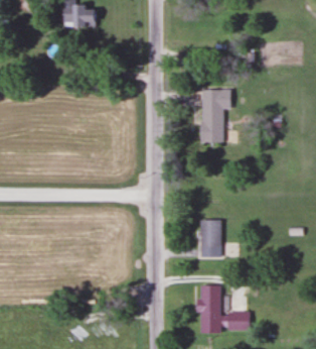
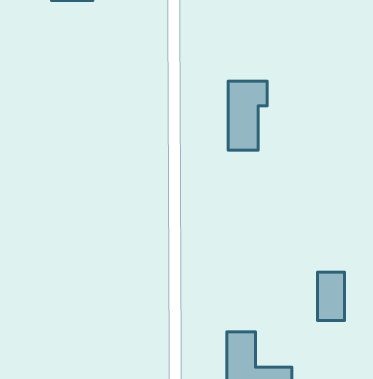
building: [200,219,221,256] -> [317,272,345,320]

